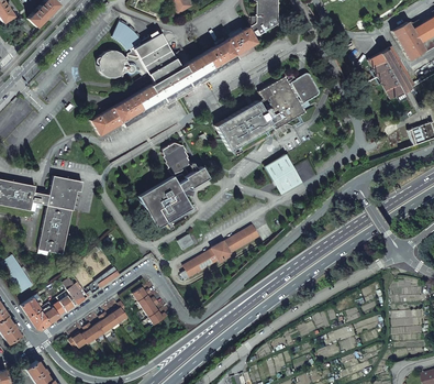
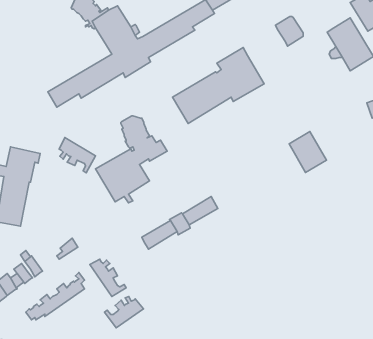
building: [97,48,148,77] -> none
building: [291,73,319,102] -> [275,16,303,46]
building: [265,153,302,194] -> [289,132,327,172]
building: none -> [59,138,95,173]
building: none -> [104,296,143,328]

